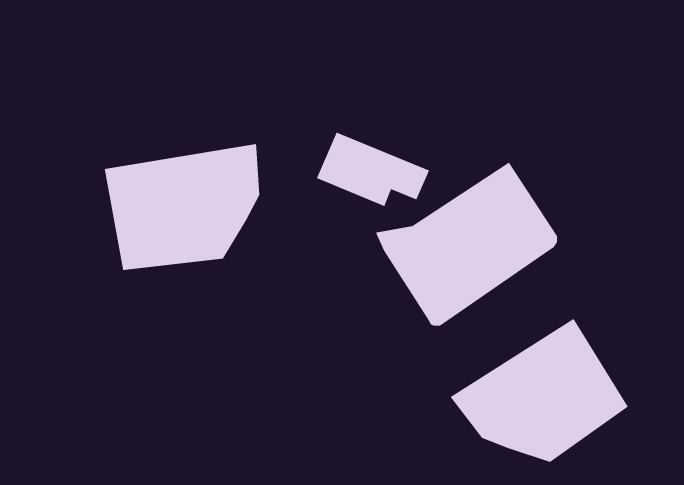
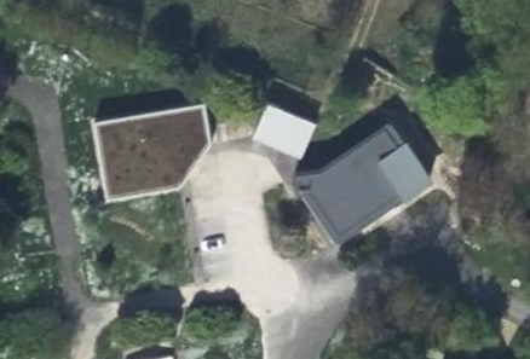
building: [449,318,629,463] -> none

